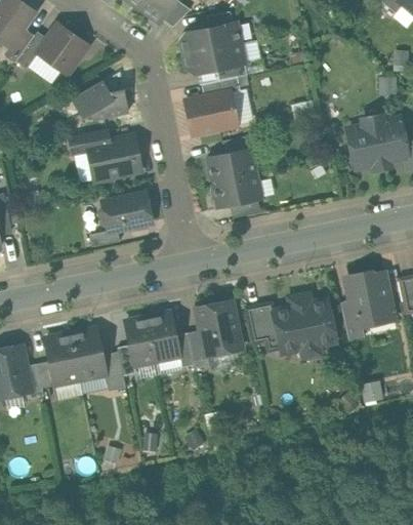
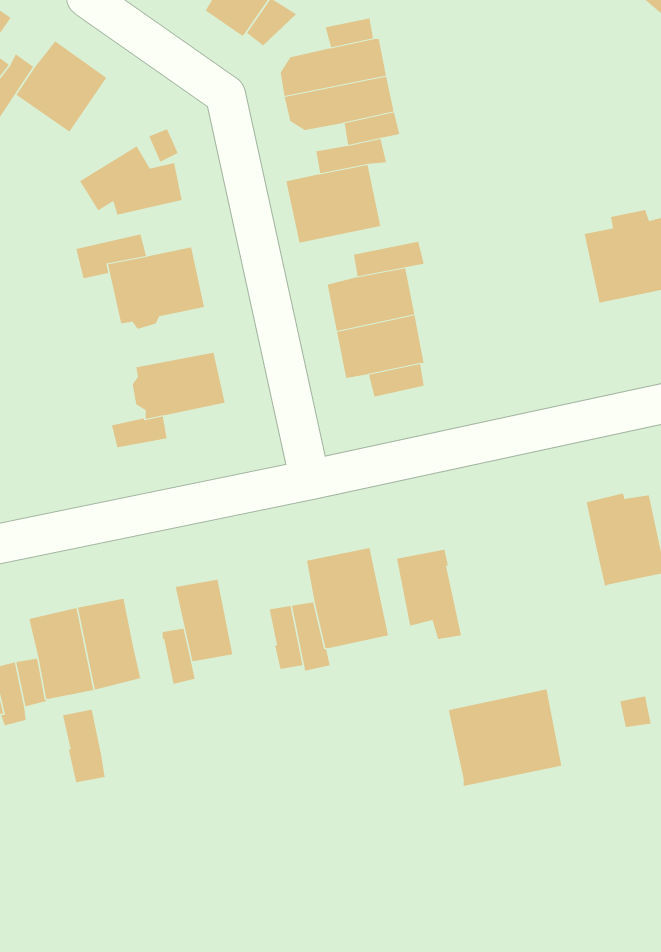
building: [273,300,335,354] -> [448,689,562,787]
building: [340,300,364,339] -> none
building: [148,314,179,360] -> none
building: [101,352,125,392] -> [62,709,105,783]

